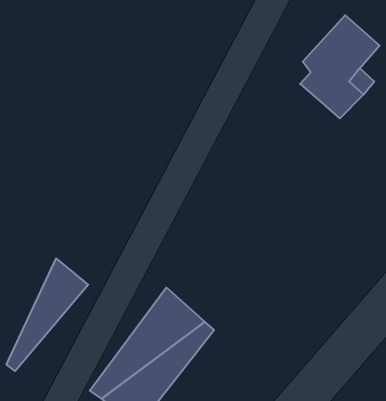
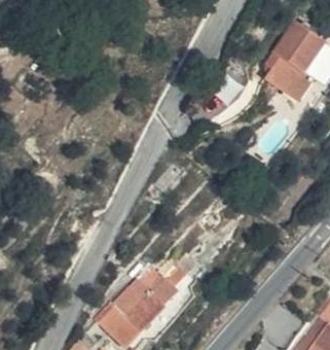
building: [6,258,88,371] -> none

